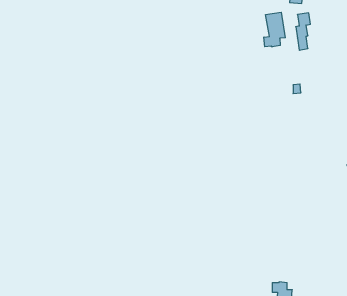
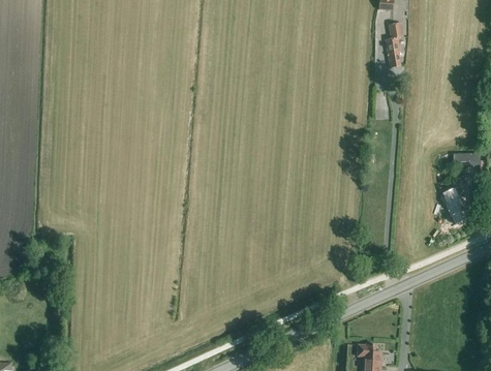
building: [264,12,285,47] -> none

